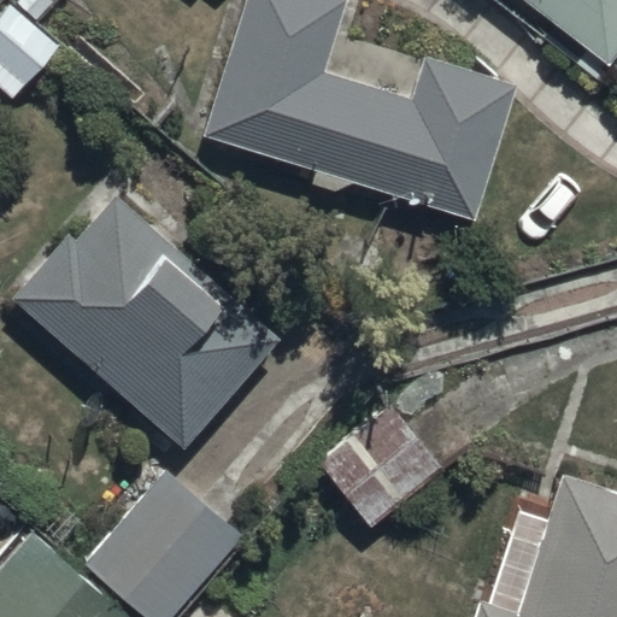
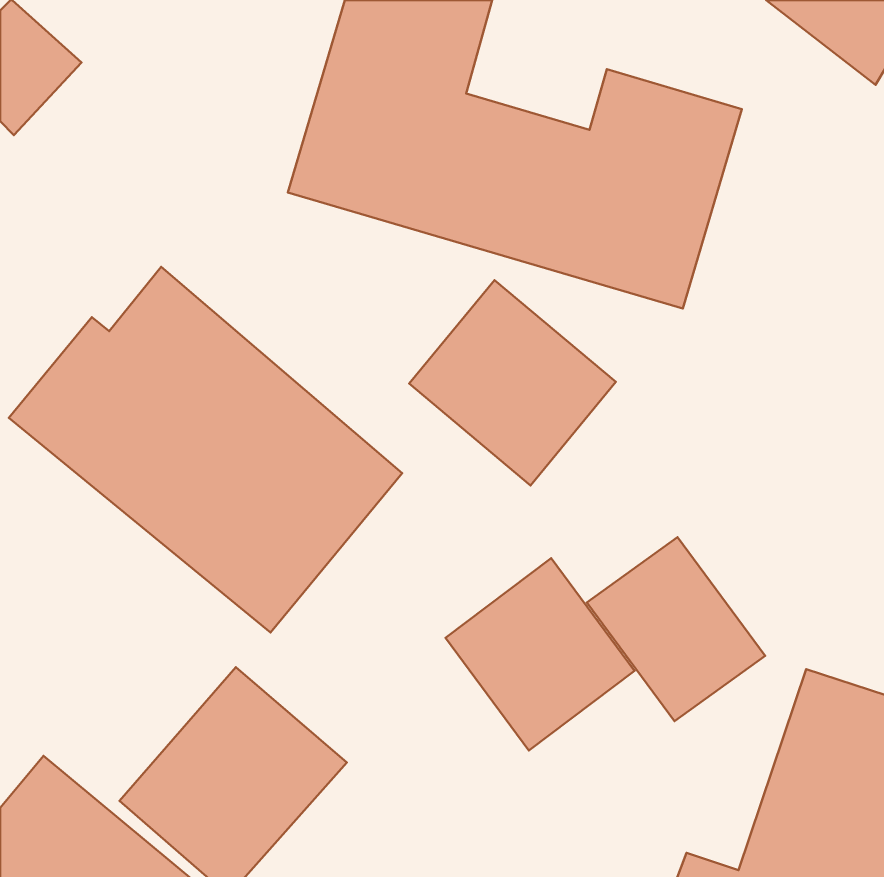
building: none -> [409,280,616,485]
building: none -> [587,537,765,721]

